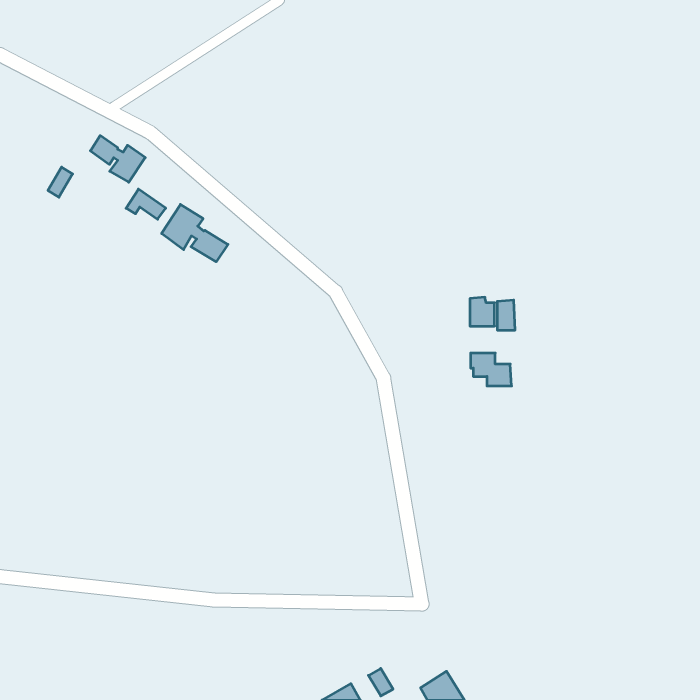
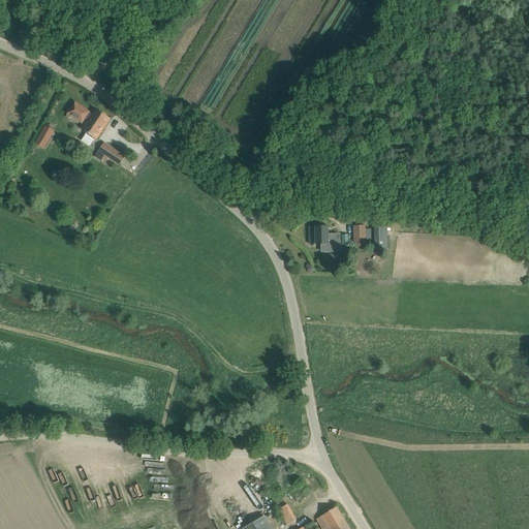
building: [162,204,228,262] -> none
building: [471,353,512,386] -> [310,226,341,251]

